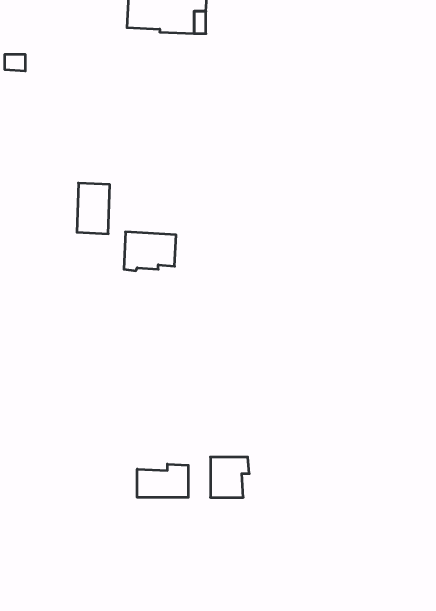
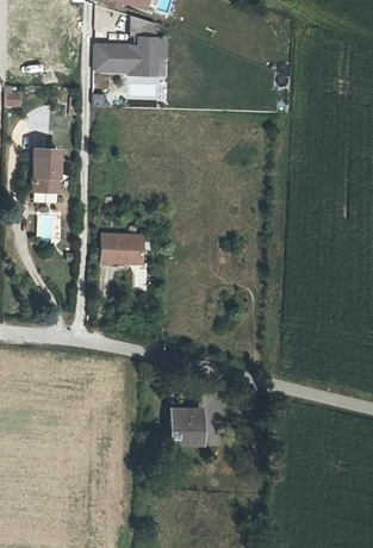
building: [77,183,110,234] -> [31,150,57,191]
building: [137,464,188,497] -> none

